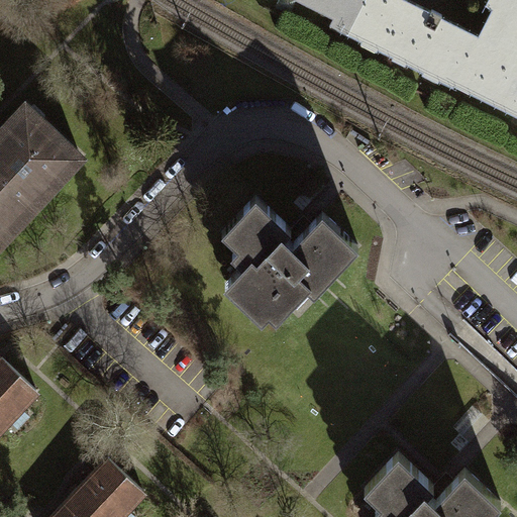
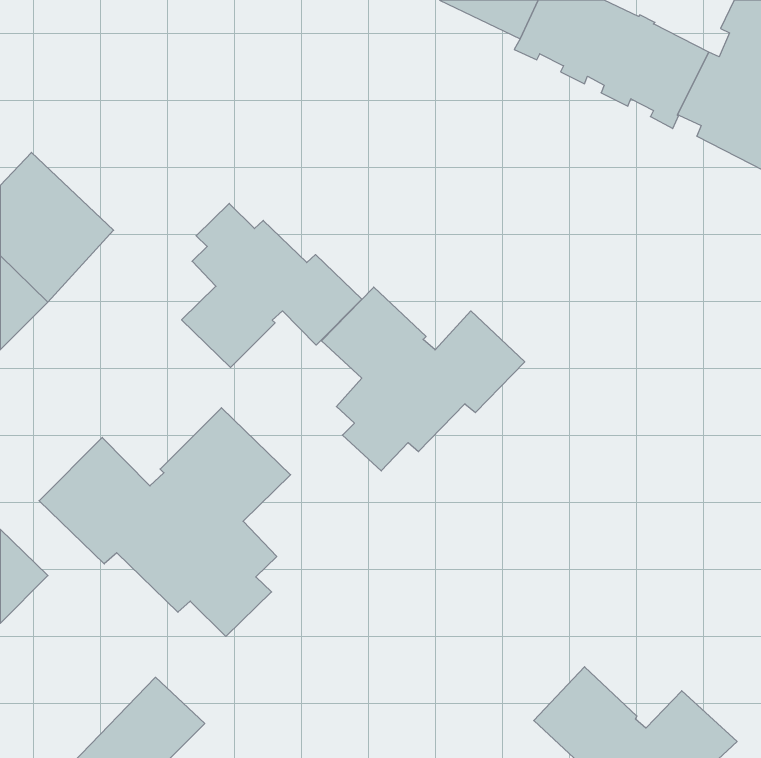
building: none -> [182,203,362,367]
building: none -> [39,408,291,636]

